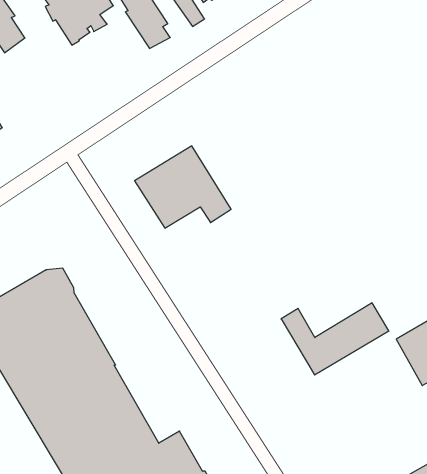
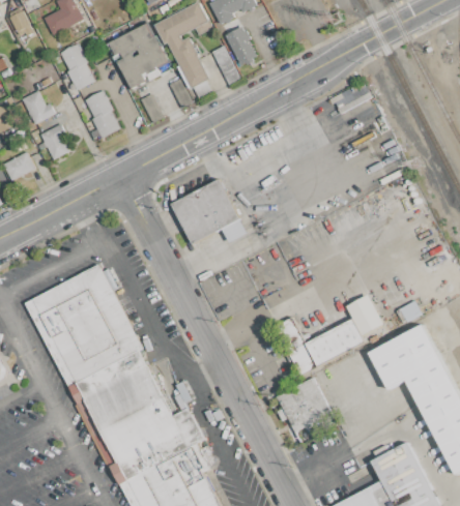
building: none -> [84,90,119,137]
building: none -> [347,295,382,334]
building: none -> [276,378,332,434]

